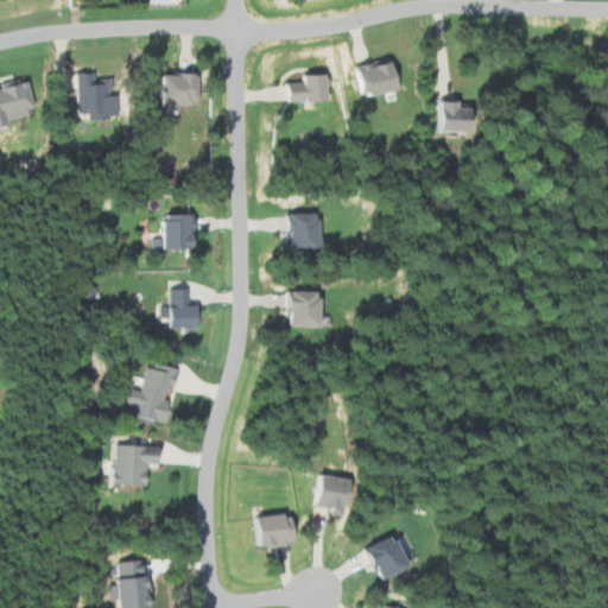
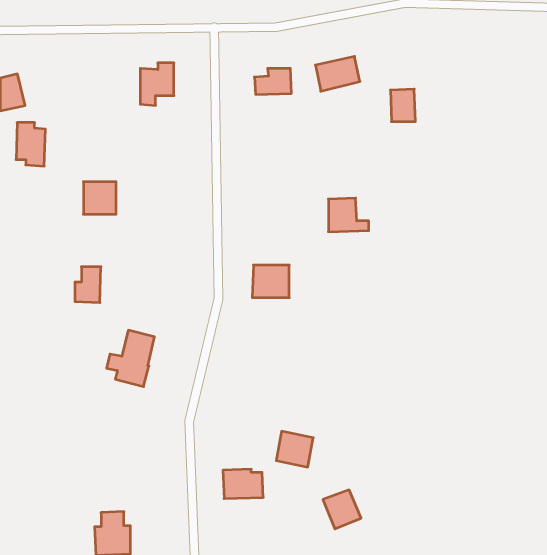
building: [81,74,113,121] -> [16,123,45,166]
building: [287,211,331,248] -> [328,198,369,232]
building: [162,213,197,248] -> [83,182,116,214]
building: [165,289,194,328] -> [75,267,101,303]
building: [115,445,159,484] -> none

